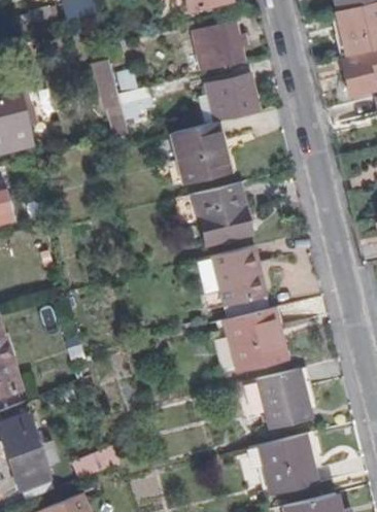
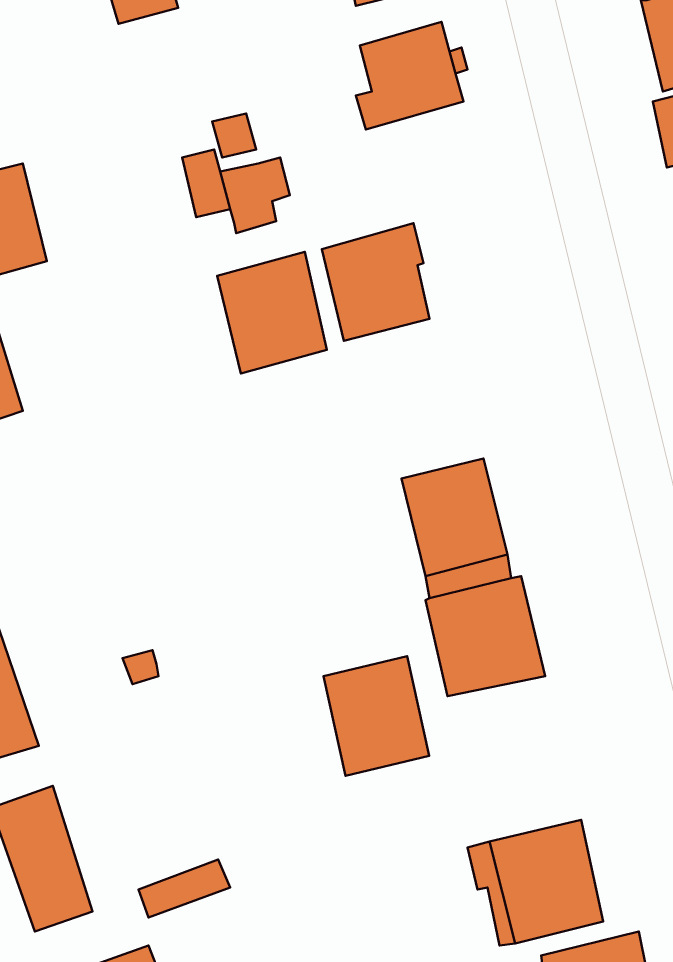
building: [209,78,259,125] -> none
building: [194,184,250,247] -> [217,252,327,374]
building: [258,367,312,429] -> [323,656,429,776]

